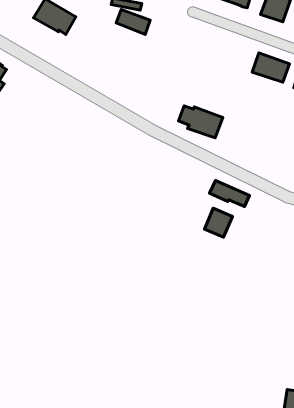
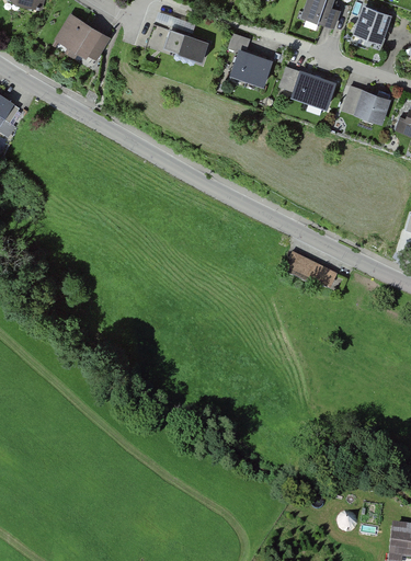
building: none -> [227,34,273,85]
building: [178,106,223,138] -> [278,67,336,108]
building: [205,208,232,237] -> none

